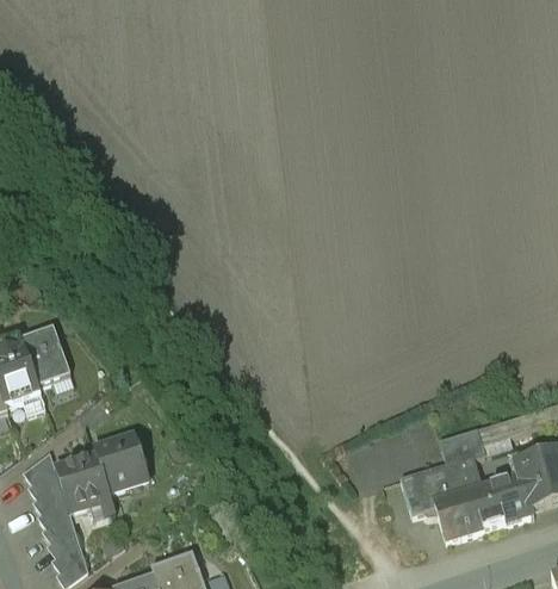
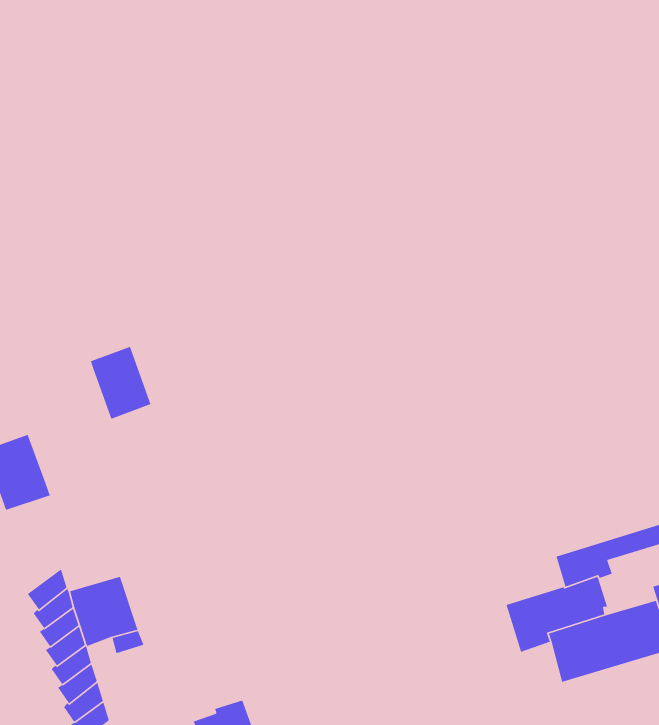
building: [21,324,70,383] -> [90,346,152,420]
building: [94,435,149,491] -> none

